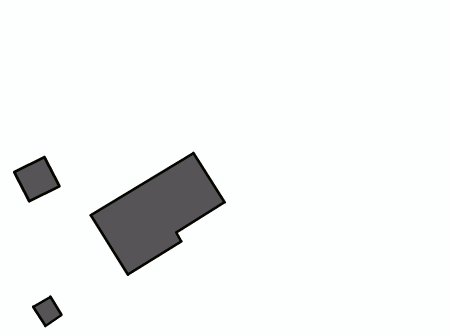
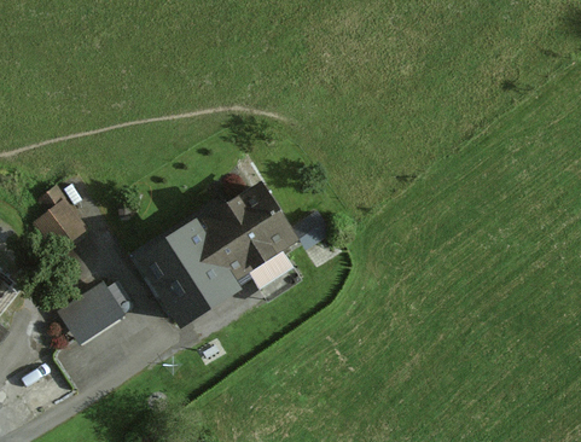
building: none -> [60,274,130,342]

